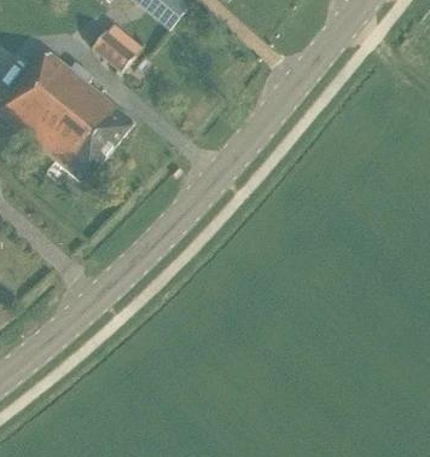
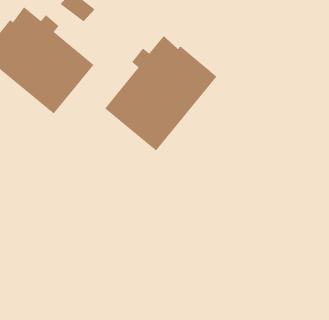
building: none -> [104,35,217,151]

